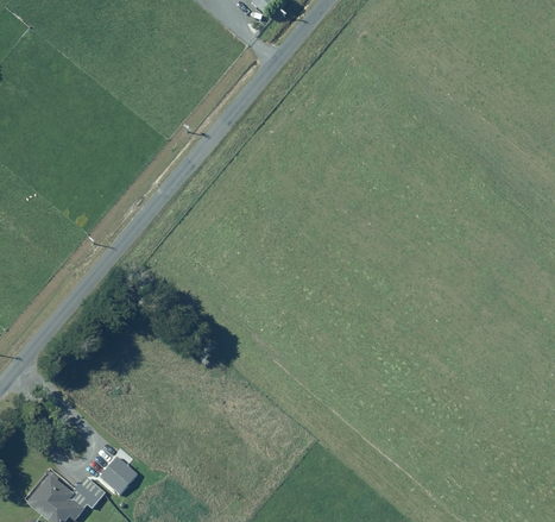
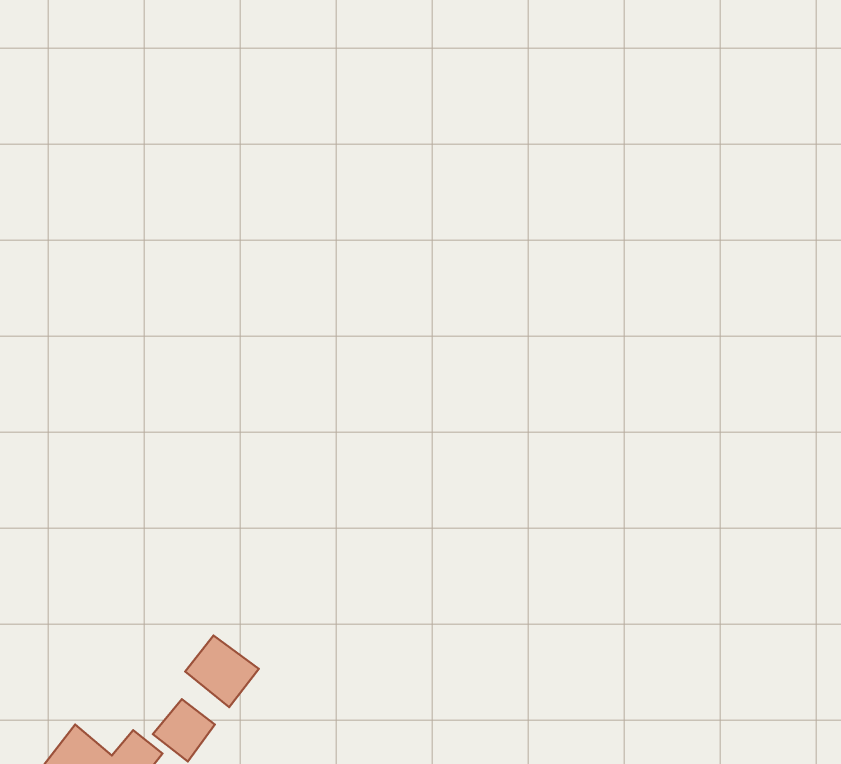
building: none -> [185,636,259,707]

